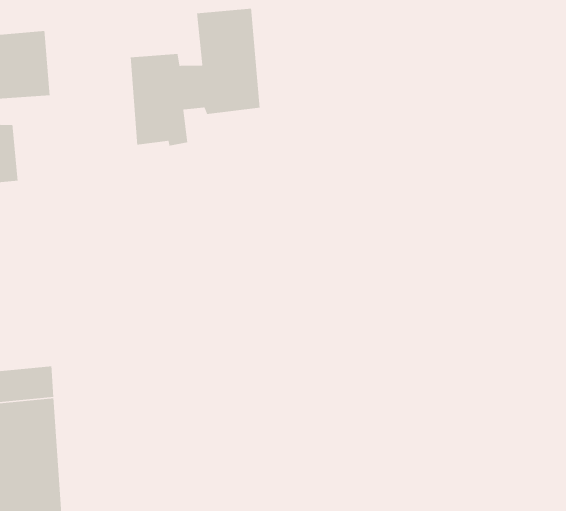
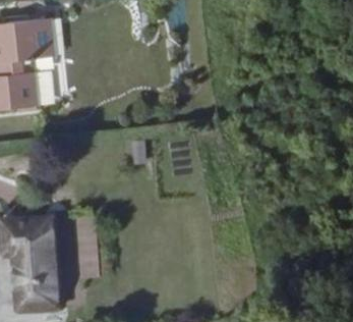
building: [130,8,260,147] -> none

